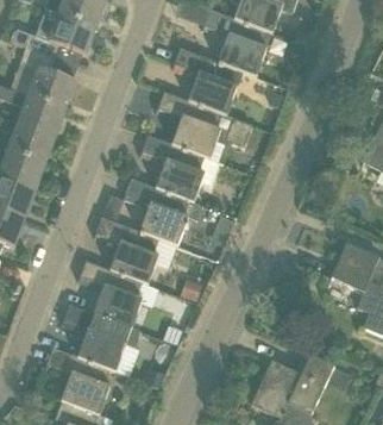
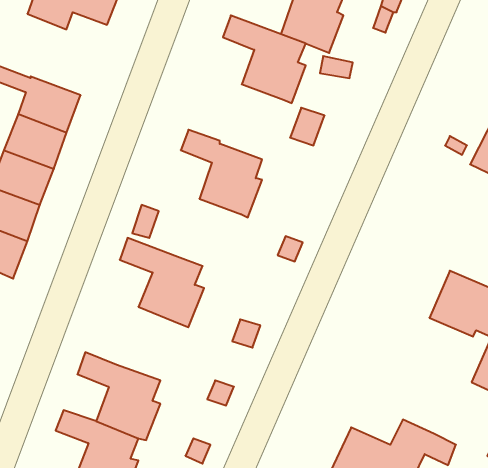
building: [18,46,75,108] -> none
building: [156,90,219,158] -> none
building: [124,179,187,246] -> none
building: [77,260,140,327] -> none

